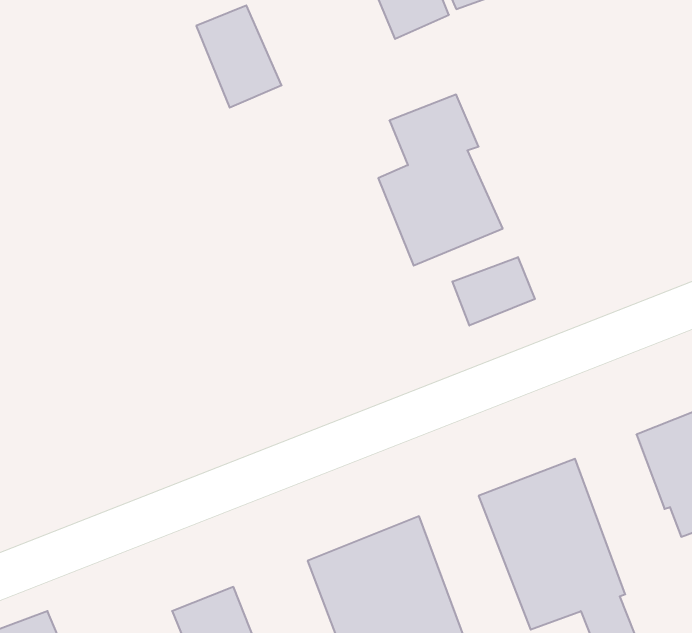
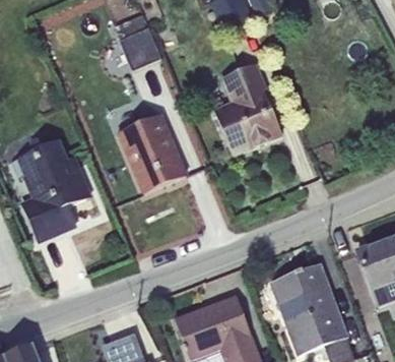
building: none -> [117,113,187,192]
building: none -> [16,138,91,242]
building: [452,257,535,326] -> none

